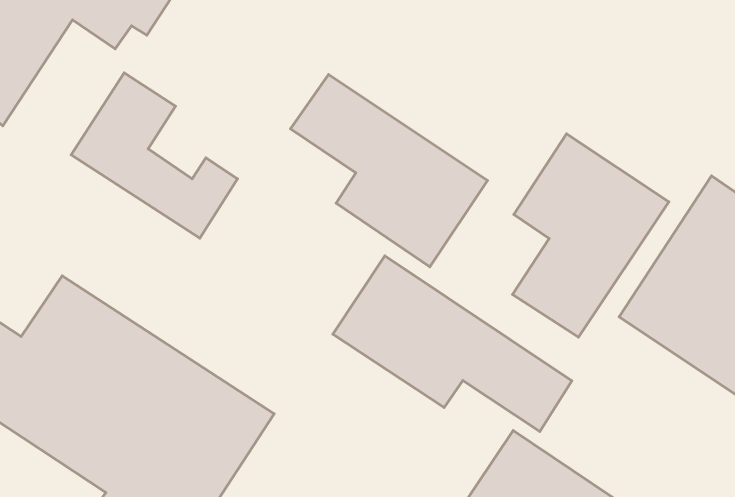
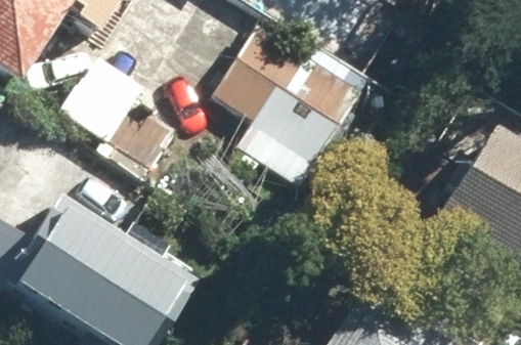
building: [513,134,669,337] -> none
building: [333,256,572,432] -> none

